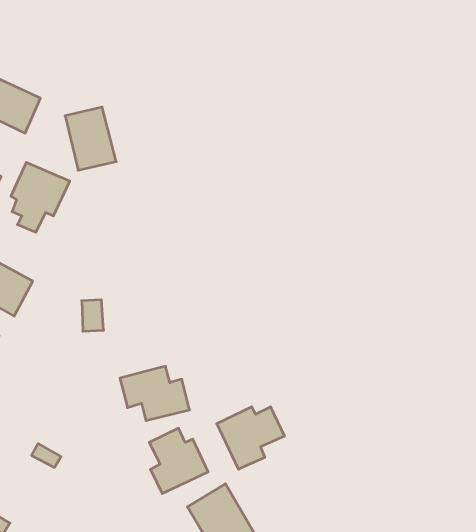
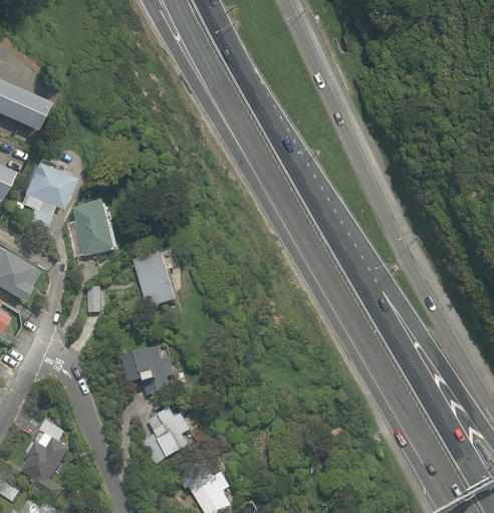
building: [65,107,116,170] -> [71,199,118,257]
building: none -> [130,246,177,310]
building: [217,407,284,469] -> none
building: none -> [21,439,69,484]

